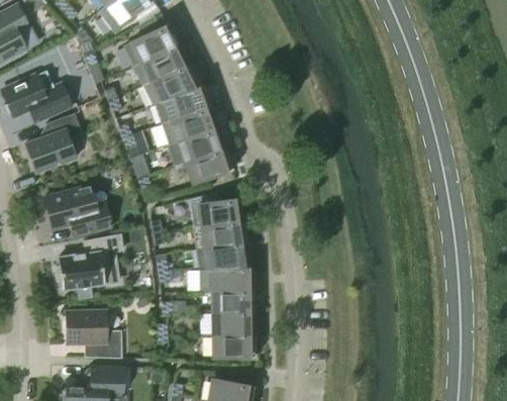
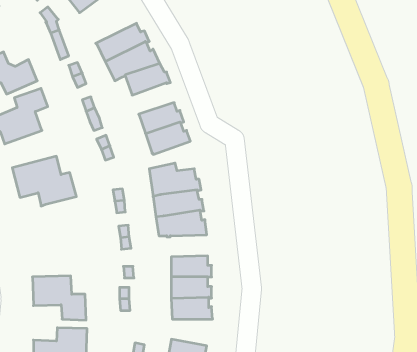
building: [123,25,179,67] -> none
building: [162,108,218,144] -> none
building: [56,235,122,290] -> none
building: [199,269,254,292] -> none

